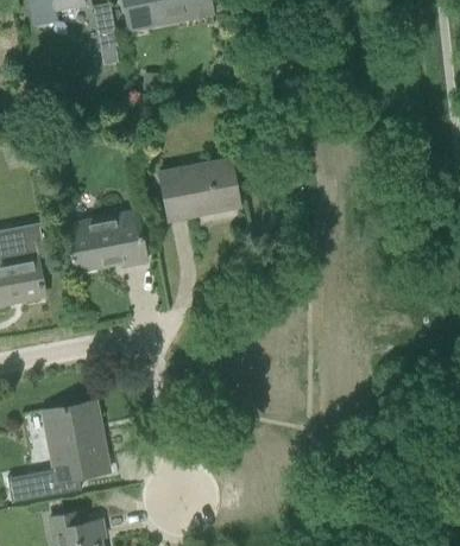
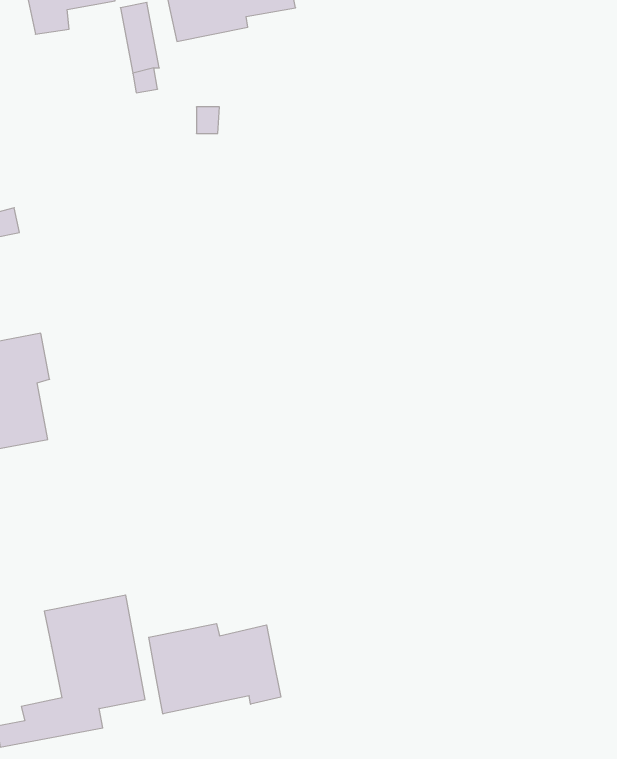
building: [160,160,240,220] -> none
building: [68,211,146,272] -> none
building: none -> [149,624,281,714]

